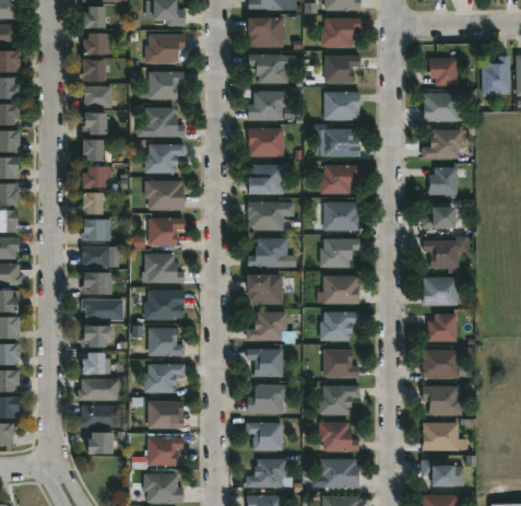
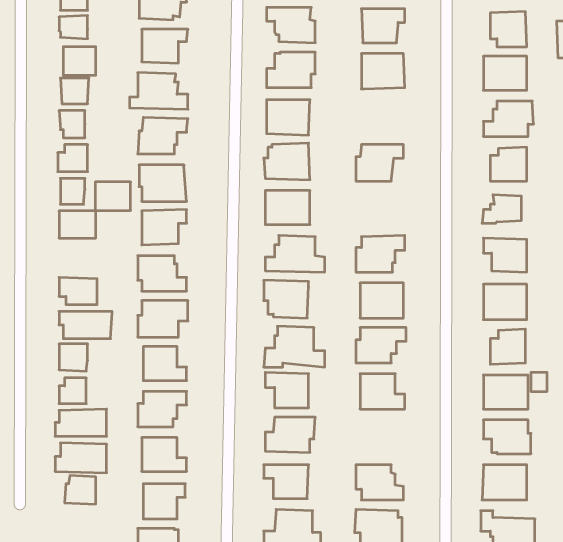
building: [317,129,362,156] -> none
building: [318,202,360,235] -> none
building: [82,246,110,269] -> [95,182,131,210]
building: [320,386,360,415] -> none

